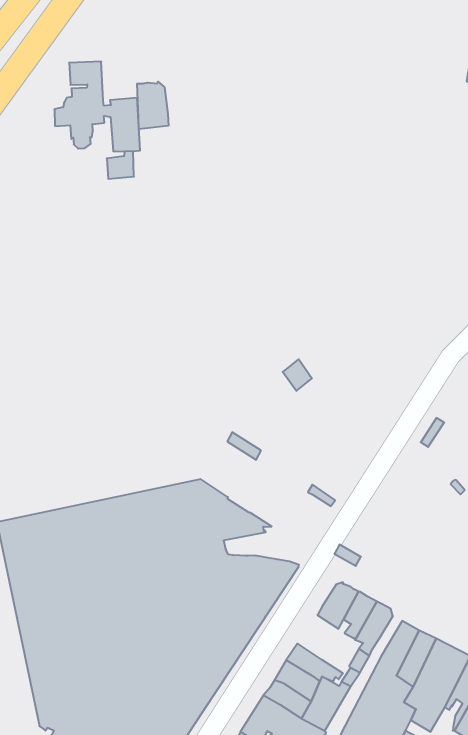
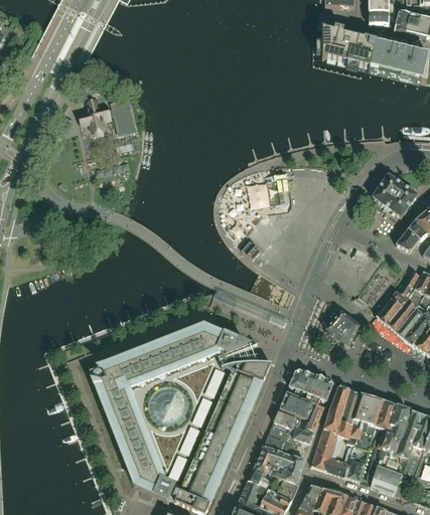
building: [137,82,168,129] -> none
building: none -> [326,311,361,345]
building: none -> [280,390,313,418]

